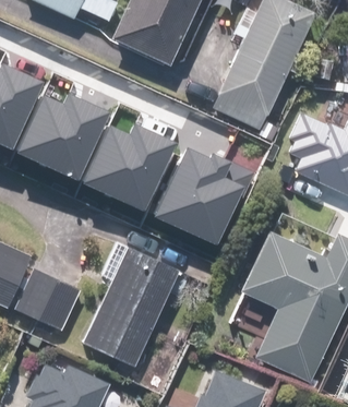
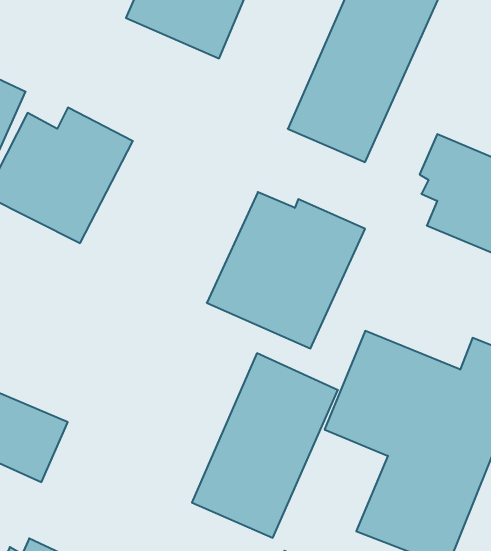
building: [89,123,180,207] -> none
building: [84,250,175,364] -> [192,353,338,538]

